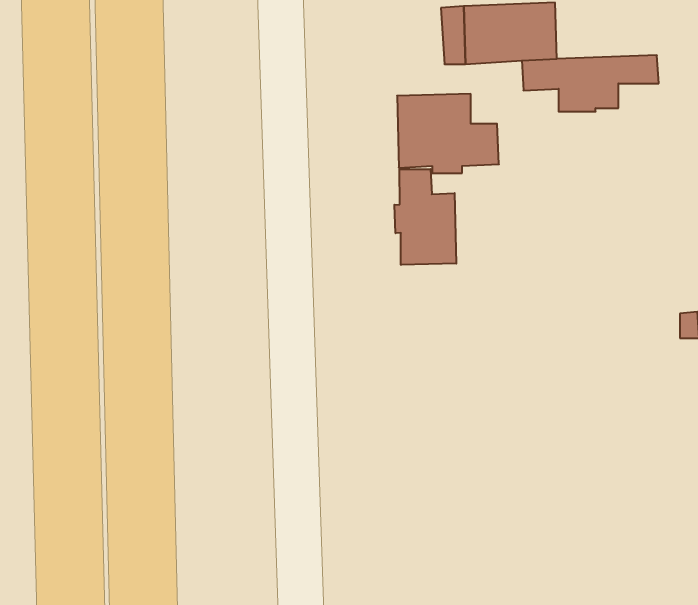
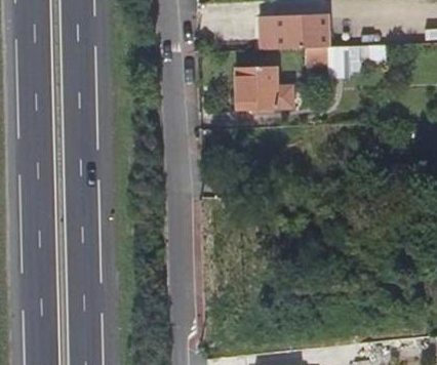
building: [394,169,456,265] -> none

